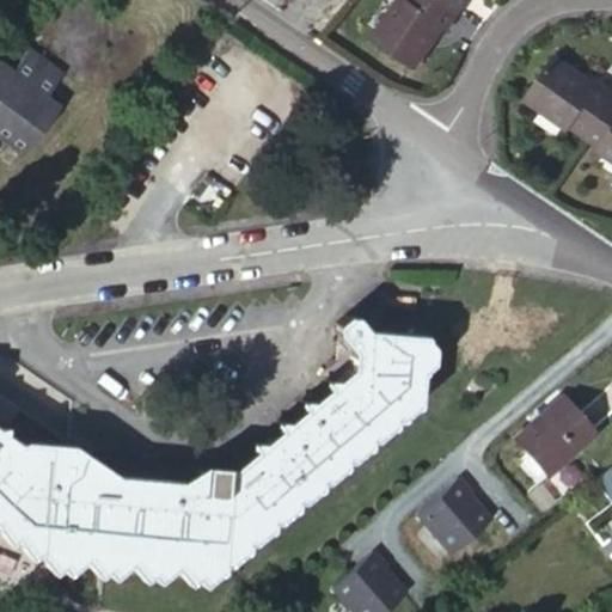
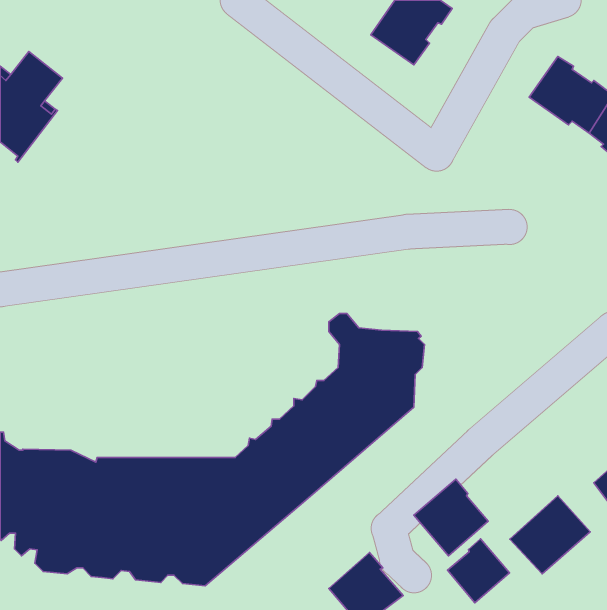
building: [518,402,598,479] -> [510,496,590,574]
building: none -> [448,539,509,603]

